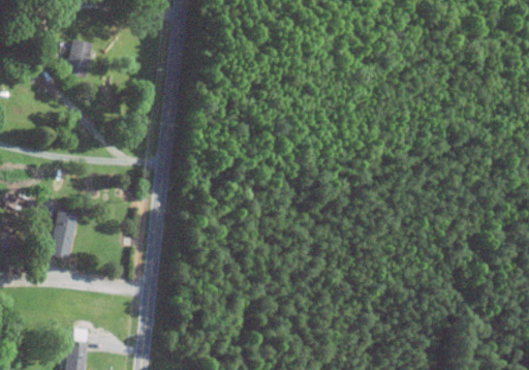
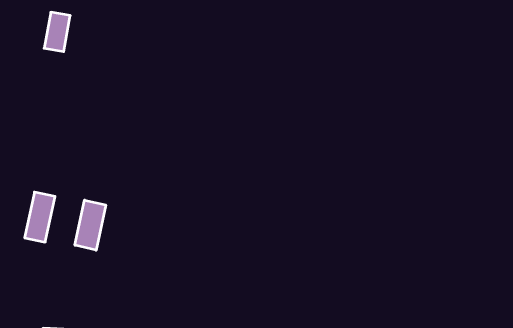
building: none -> [75,200,106,250]

